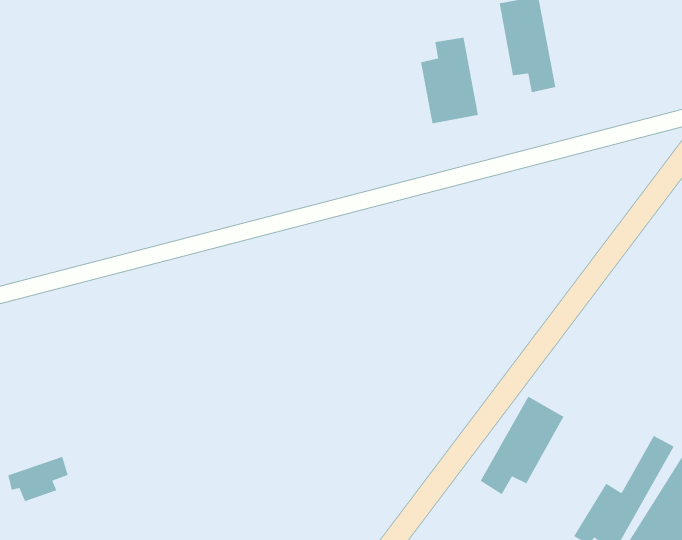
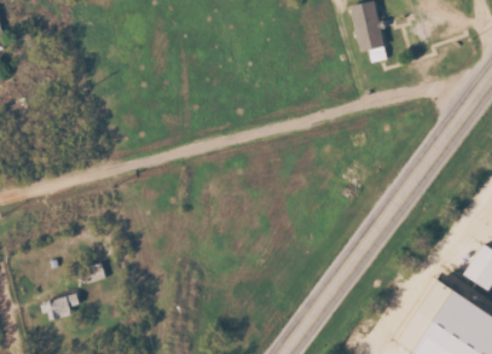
building: [420,37,478,124] -> none
building: [480,396,564,495] -> none

